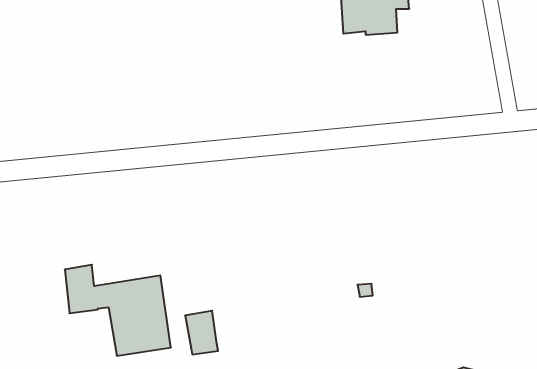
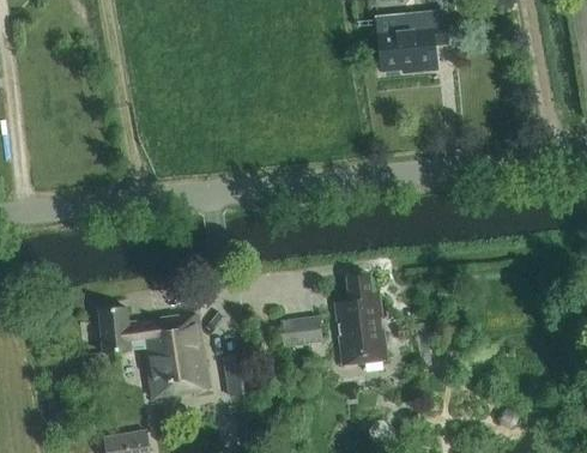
building: none -> [335,274,387,363]
building: none -> [277,313,322,349]

